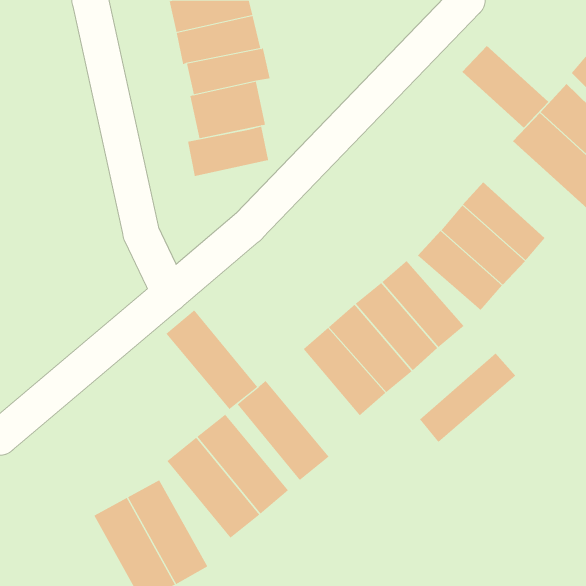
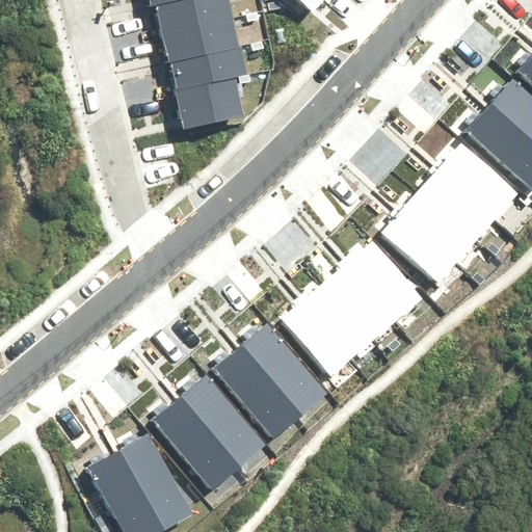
building: [461,45,549,128] -> [438,143,517,218]
building: [188,126,269,177] -> none
building: [166,309,258,410] -> [243,324,326,415]
building: [419,352,516,443] -> none

